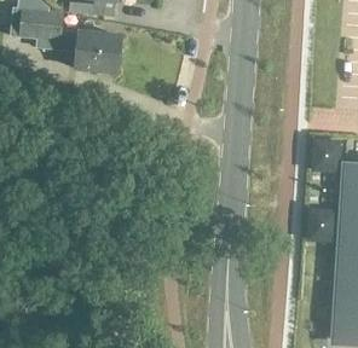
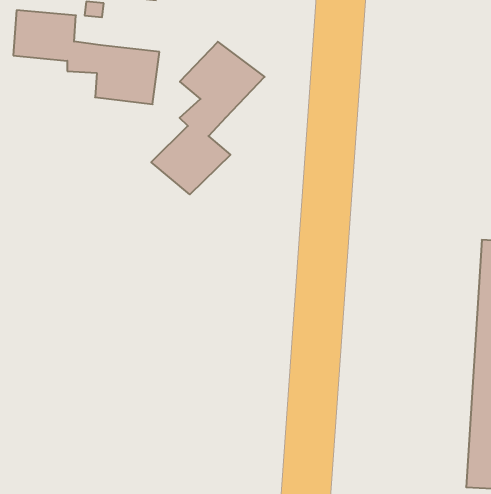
building: none -> [151,42,265,194]

